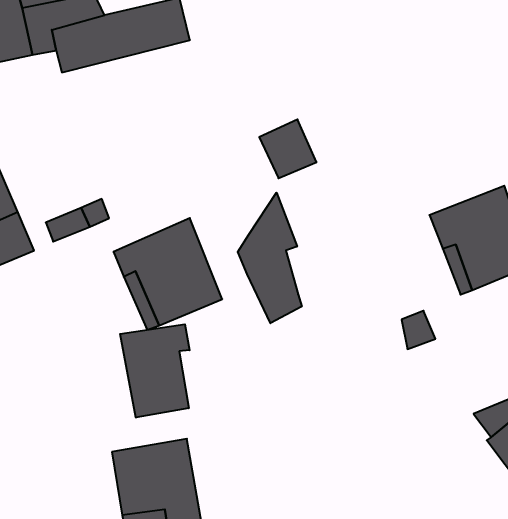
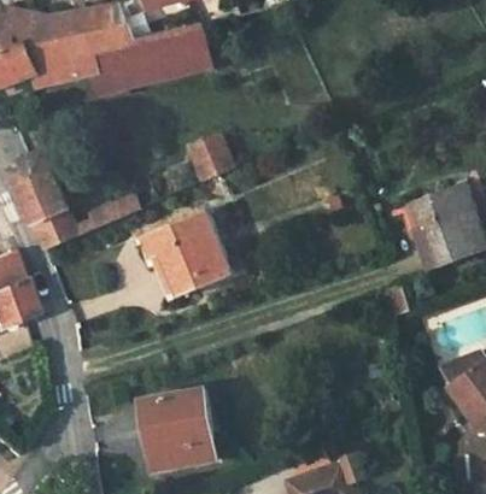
building: [259,119,317,178] -> [185,133,232,181]
building: [238,193,302,323] -> none
building: [120,324,190,418] -> none

